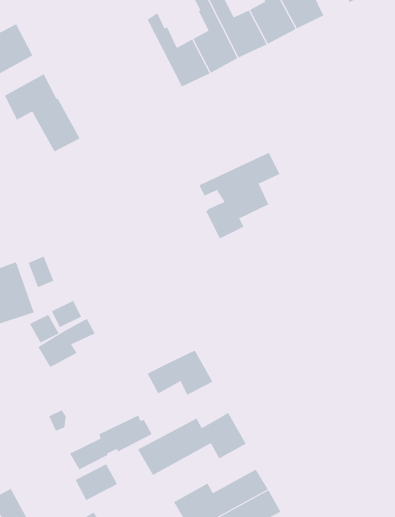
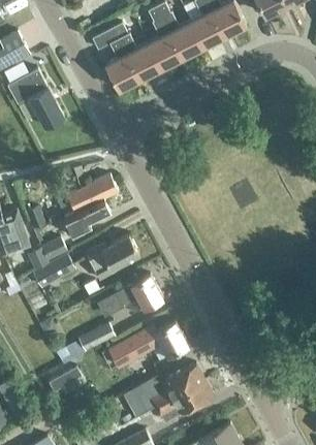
building: none -> [92,28,139,90]
building: [199,152,280,239] -> [57,174,118,240]
building: none -> [85,234,139,280]

